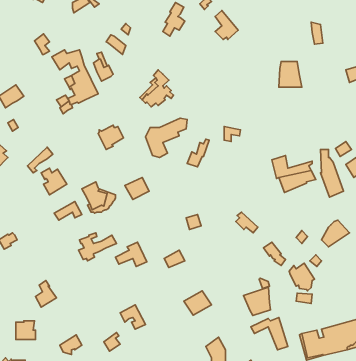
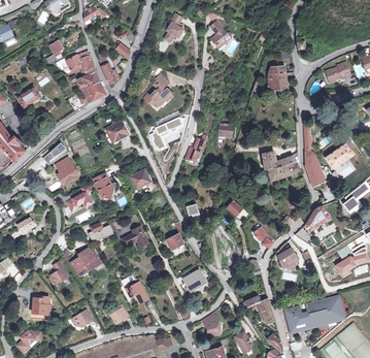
building: none -> [70,247,103,276]
building: [243,287,271,316] -> none

